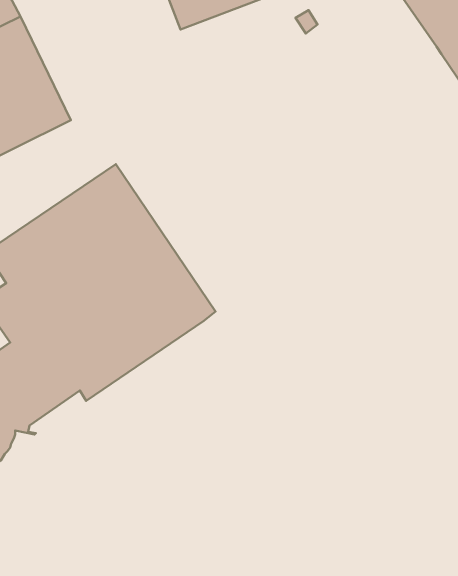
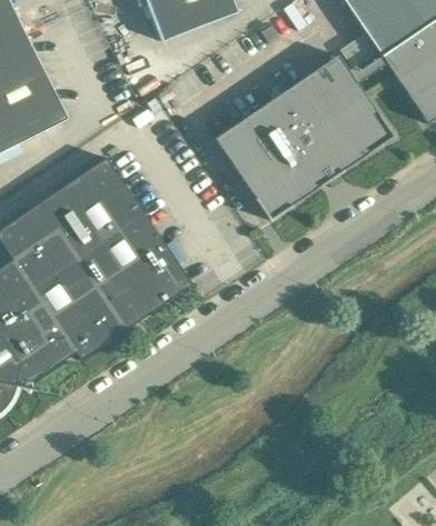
building: none -> [215,53,394,219]

